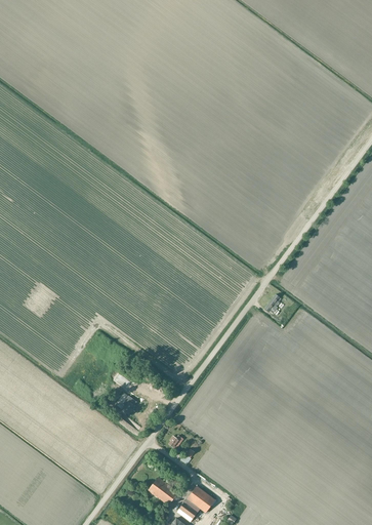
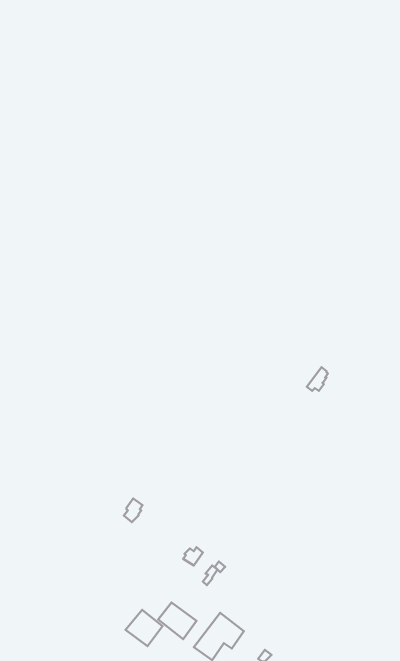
building: none -> [126,610,163,646]

